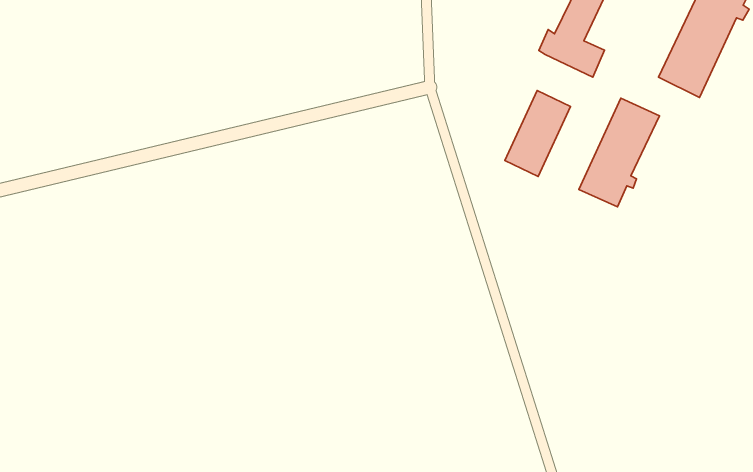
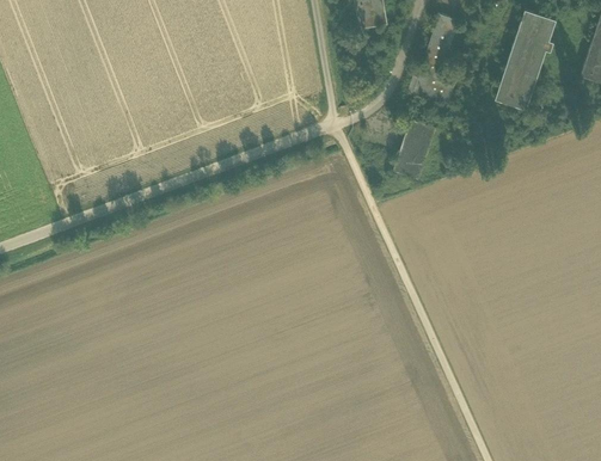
building: [579,98,660,207] -> none

